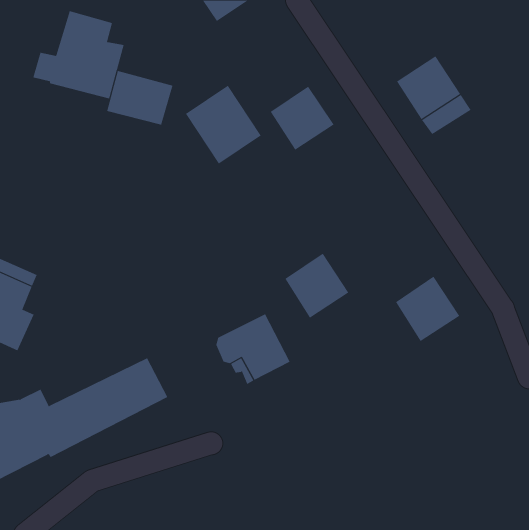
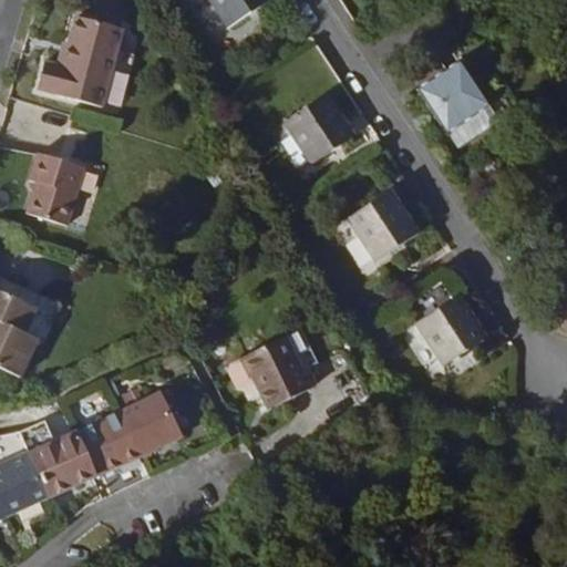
building: [107,70,173,125] -> none
building: [185,85,262,165] -> none
building: none -> [25,155,82,226]
building: [284,253,349,319] -> [350,193,419,262]

